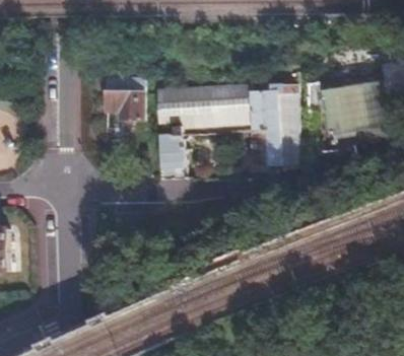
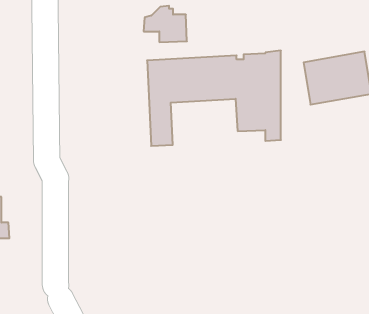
building: [103,81,147,119] -> [144,6,187,42]

